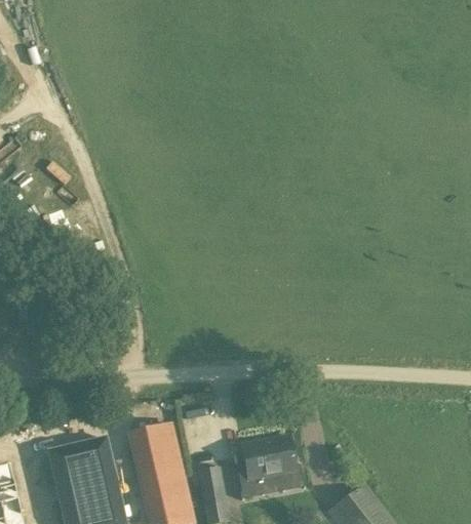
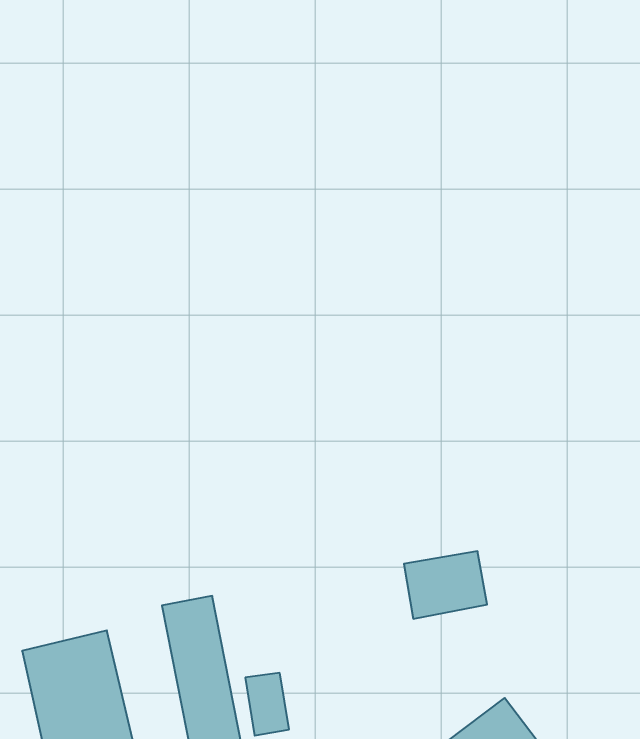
building: [241,443,296,487] -> [404,551,487,619]

